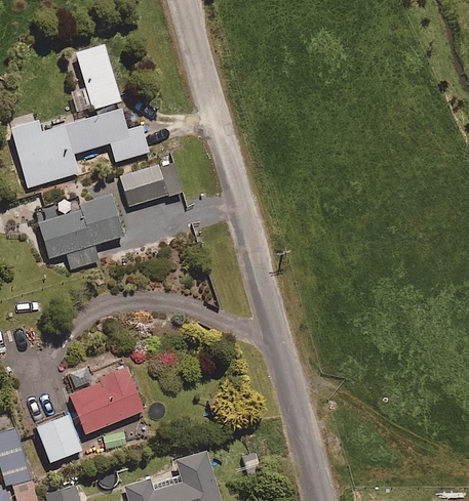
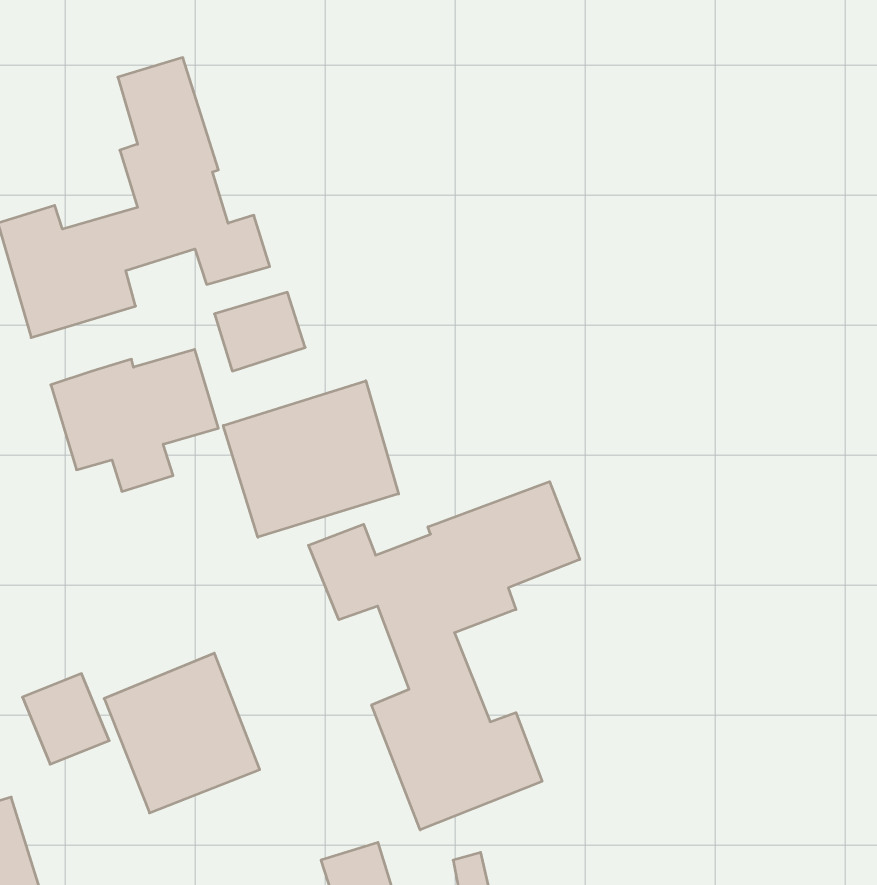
building: none -> [223,381,399,537]
building: none -> [308,482,580,830]
building: [36,415,81,462] -> [22,674,109,764]

